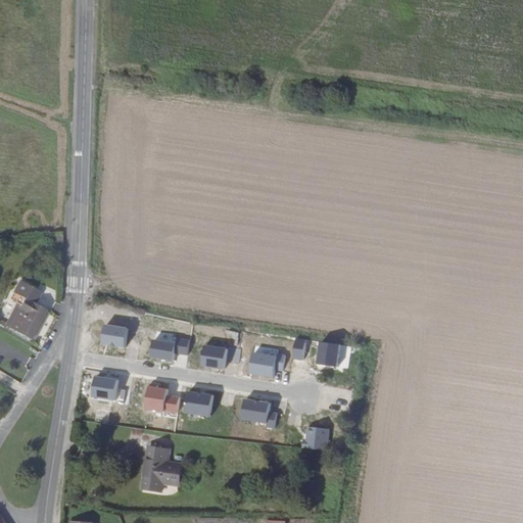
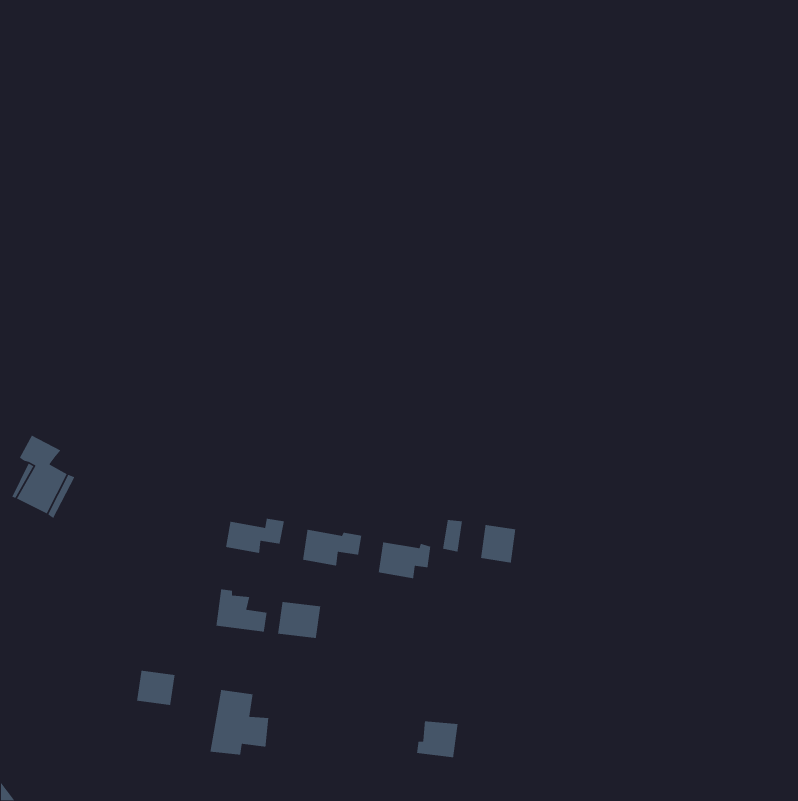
building: [100,324,126,346] -> none
building: [91,376,116,399] -> [136,670,175,706]
building: [241,397,276,427] -> none
building: [301,425,329,449] -> [416,720,459,758]

